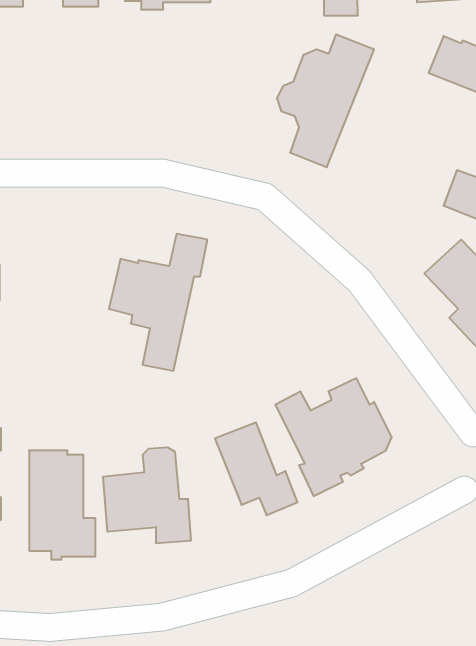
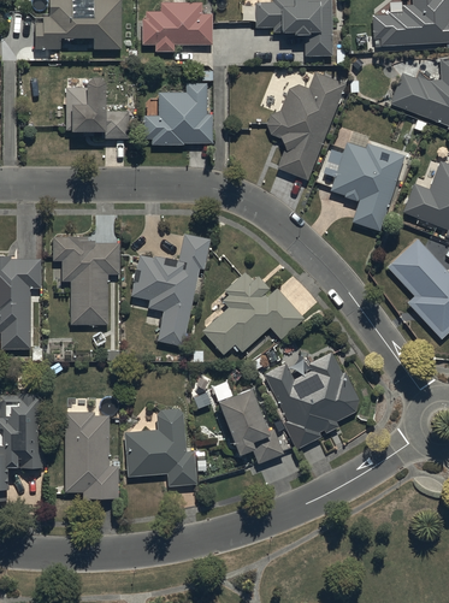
building: none -> [65,77,129,138]
building: none -> [143,83,212,144]
building: none -> [330,143,404,231]
building: none -> [53,237,119,326]
building: none -> [201,272,303,355]

